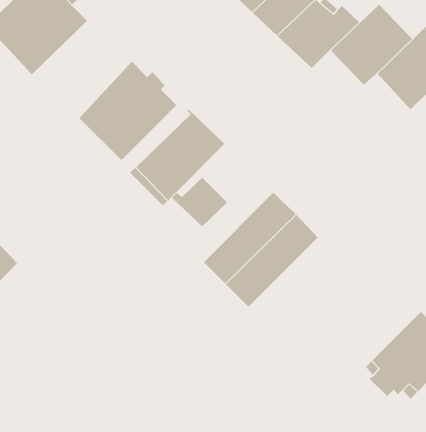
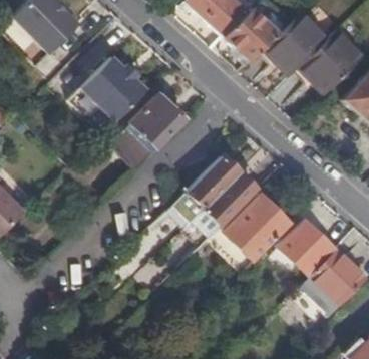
building: [171,177,228,227] -> none
building: none -> [225,198,290,263]
building: none -> [270,220,336,277]

